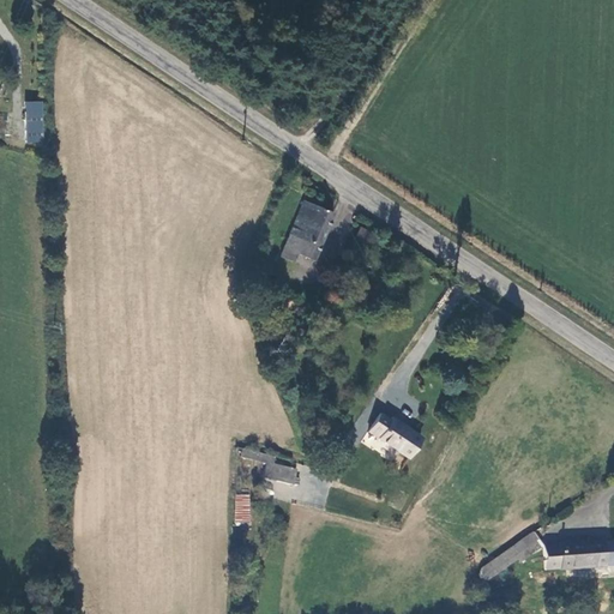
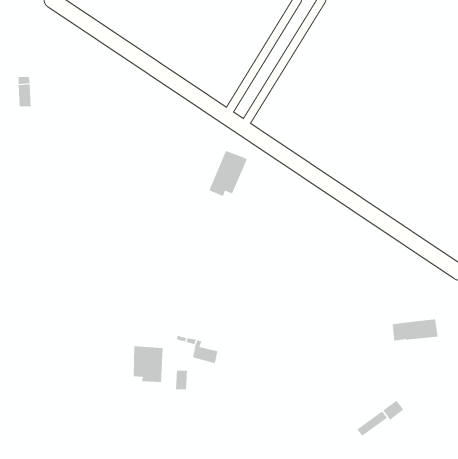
building: [373,413,423,456] -> none
building: none -> [133,346,163,383]
building: [543,544,606,574] -> [392,319,439,341]

